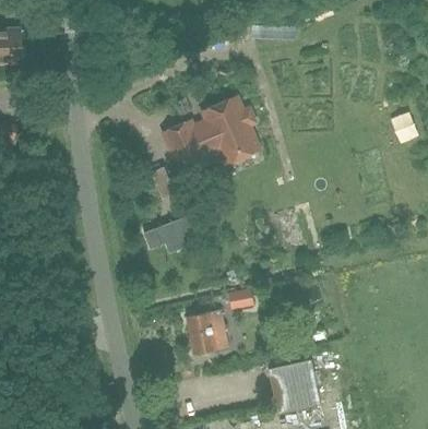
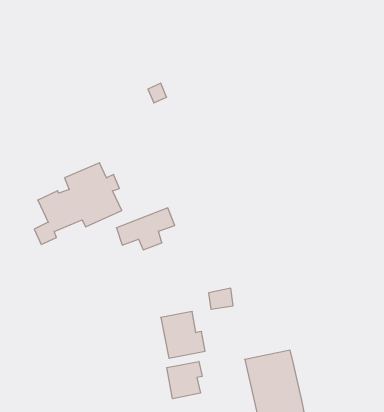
building: [175,98,257,175] -> [34,163,122,244]
building: none -> [167,361,202,399]

